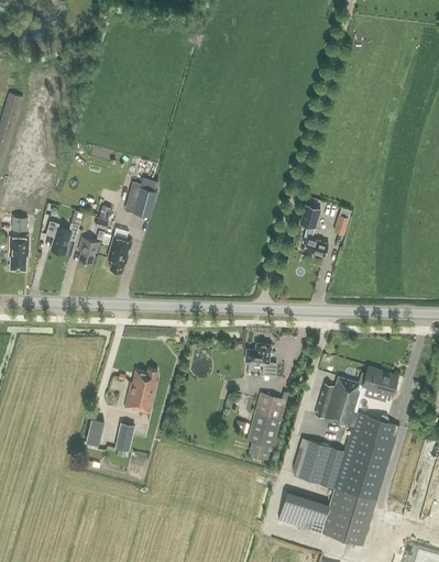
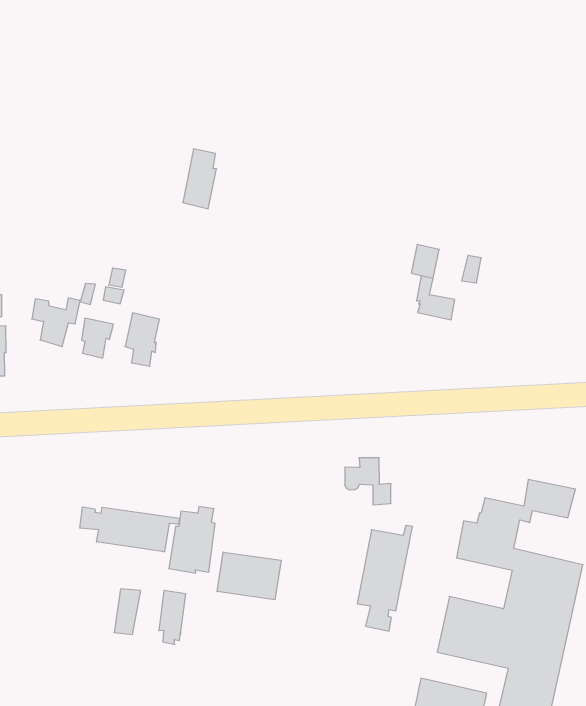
building: [132,177,156,218] -> [183,149,217,209]
building: none -> [80,507,180,552]
building: none -> [217,552,281,600]

